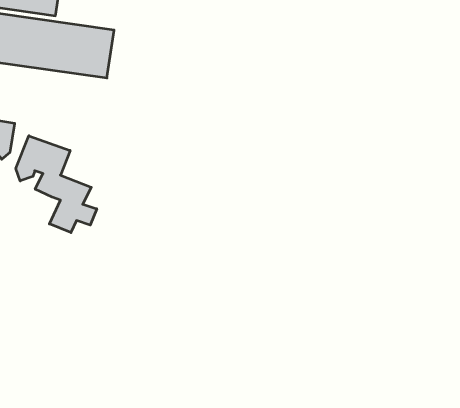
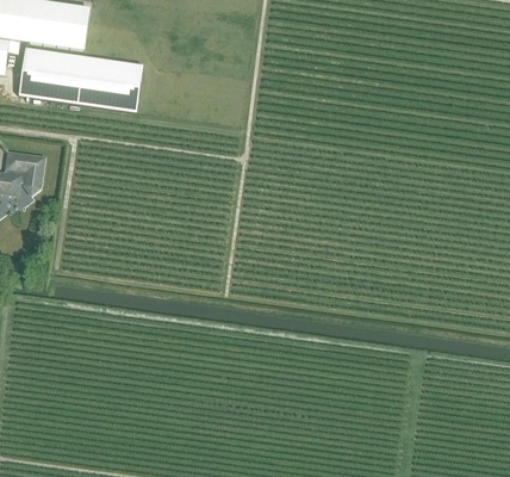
building: [16,136,97,233] -> none

